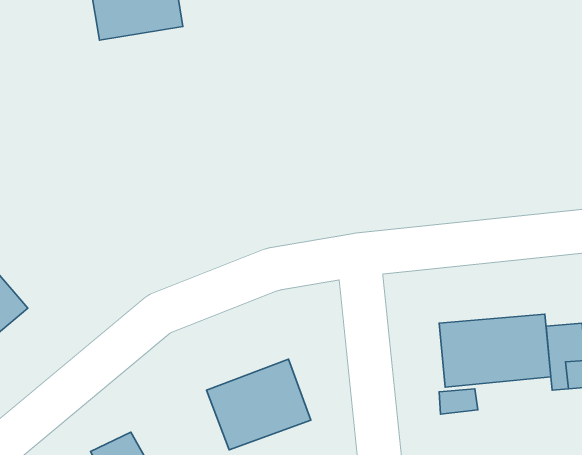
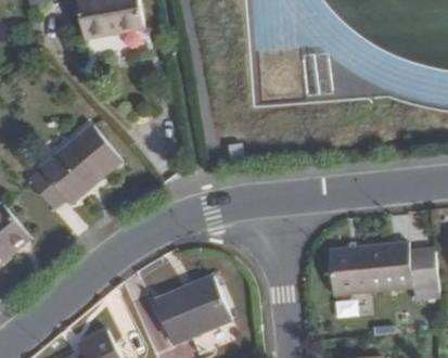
building: none -> [27,127,121,212]

